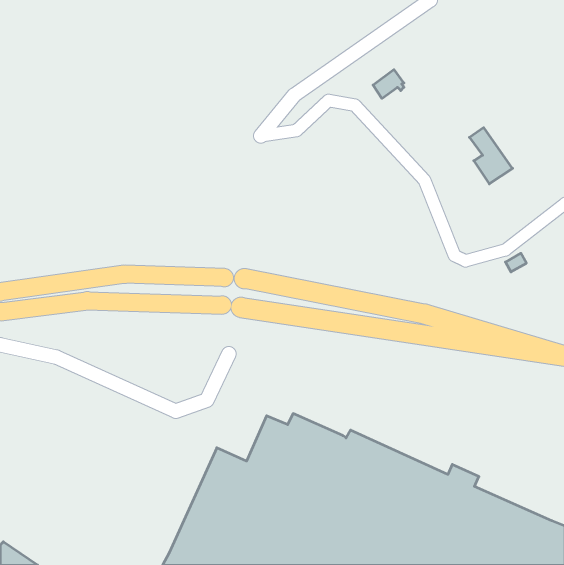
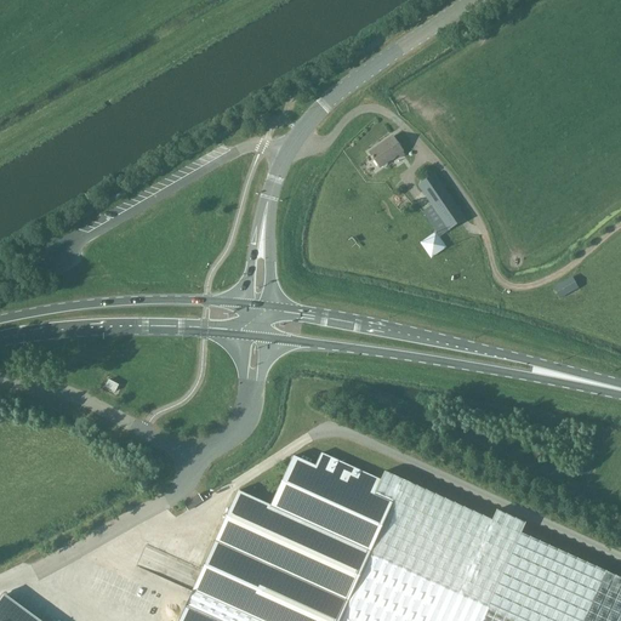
building: [373,70,404,98] -> [371,136,405,167]
building: [469,128,513,184] -> [418,175,466,237]

